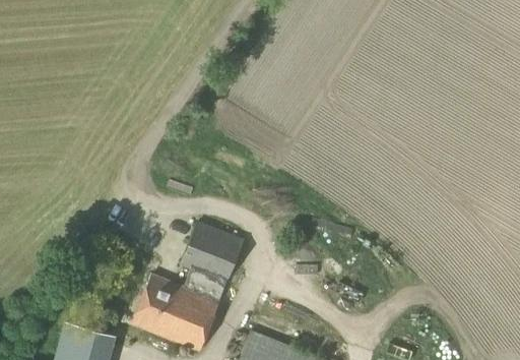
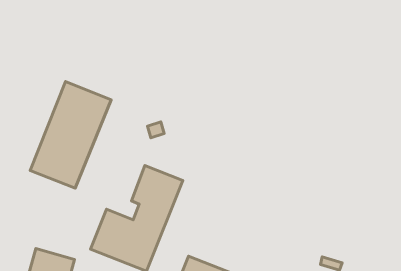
building: none -> [30,82,111,188]

